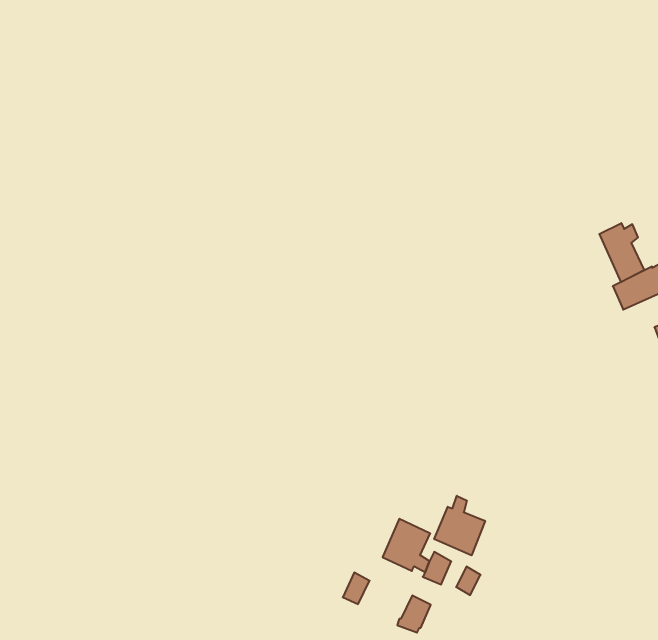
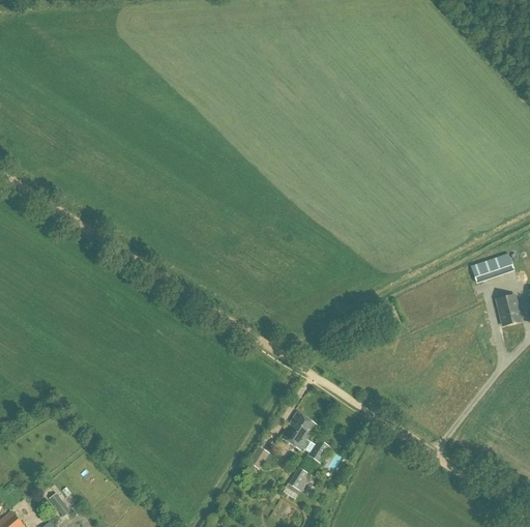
building: [599,223,644,282] -> none
building: [434,496,485,555] -> none

